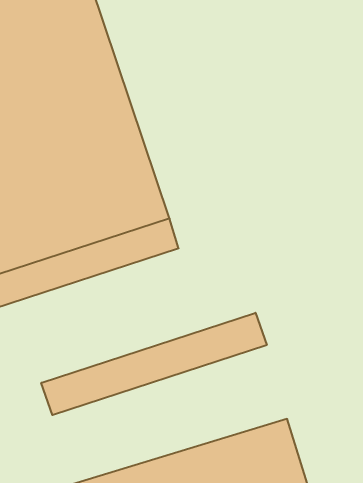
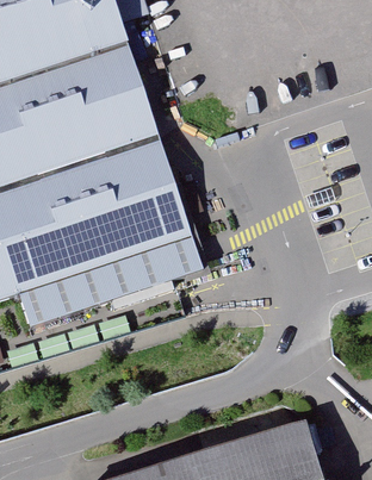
building: [41,313,267,415] -> none

